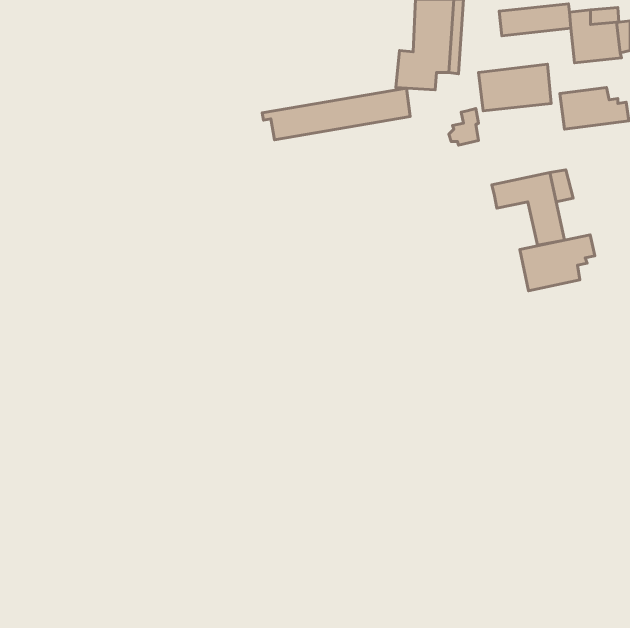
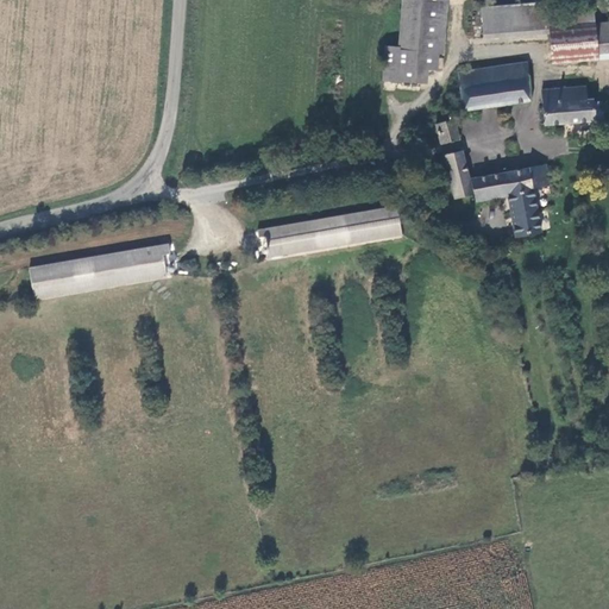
building: [262,88,410,140] -> [257,206,400,256]
building: none -> [444,151,473,197]
building: [520,235,595,291] -> none
building: none -> [29,240,169,295]

